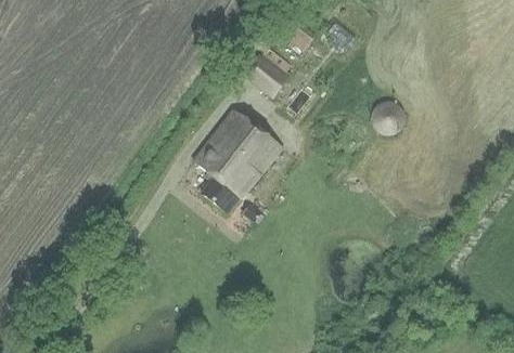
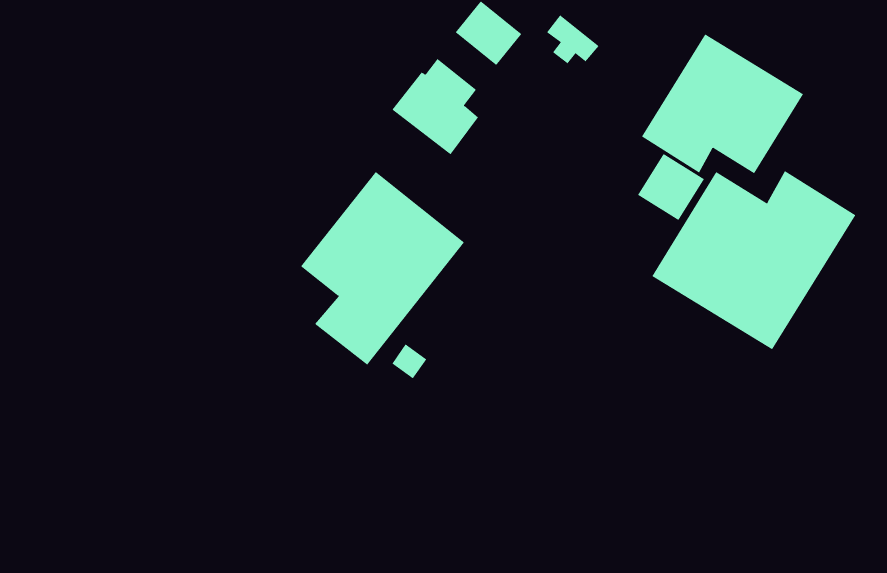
building: none -> [641,33,804,174]
building: none -> [651,170,856,350]

